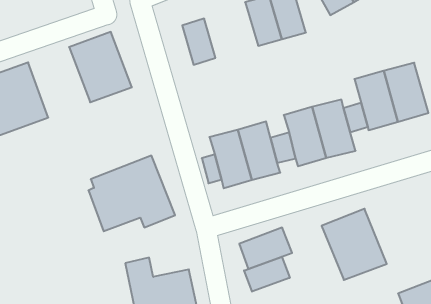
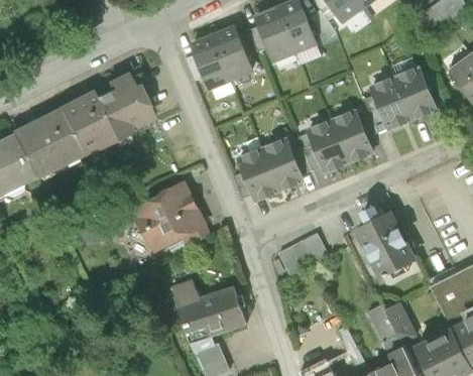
building: none -> [218,36,253,81]
building: none -> [54,87,118,156]
building: [244,257,290,292] -> none

